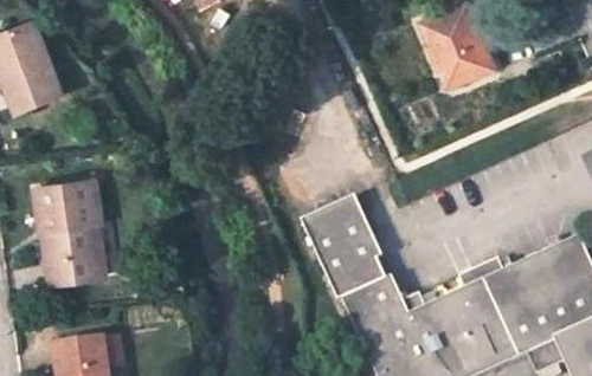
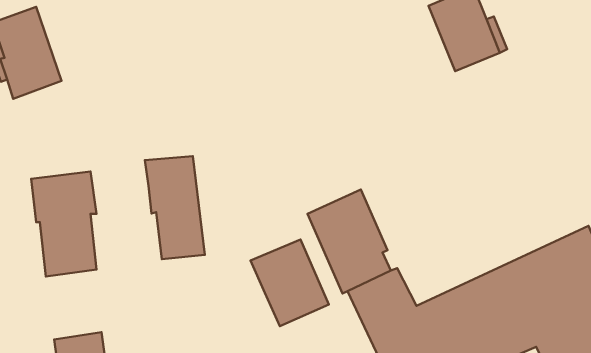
building: none -> [145,156,205,259]
building: none -> [250,240,329,326]

